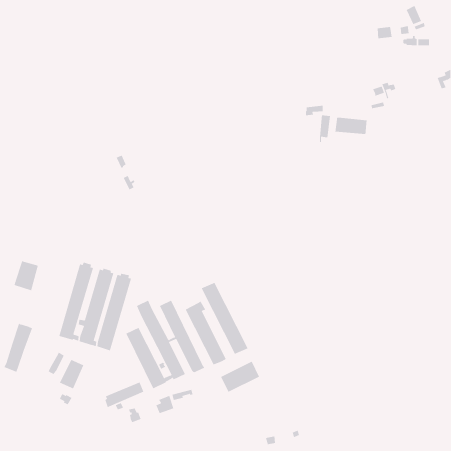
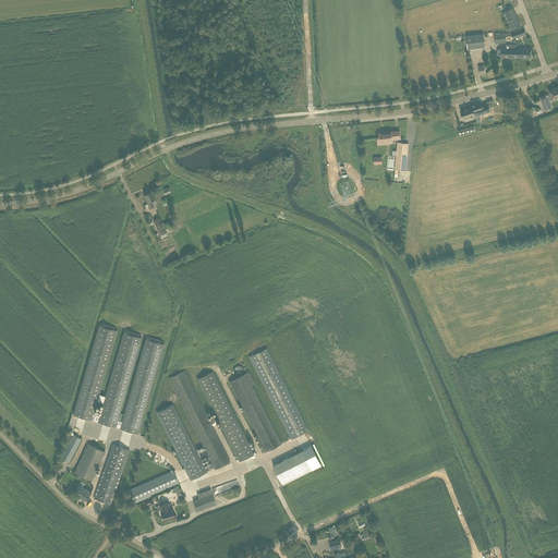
building: [335,117,367,135] -> none
building: [14,260,39,291] -> none
building: [4,323,33,372] -> [93,442,129,504]

